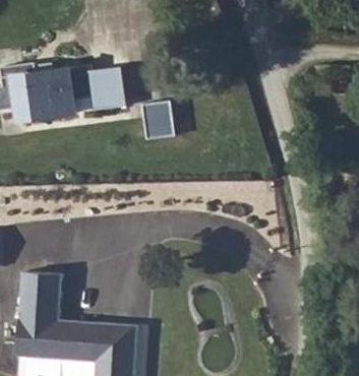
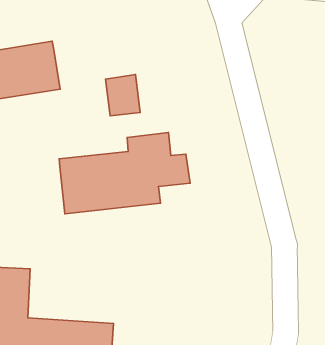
building: [85,67,122,110] -> none
building: none -> [59,133,190,214]

